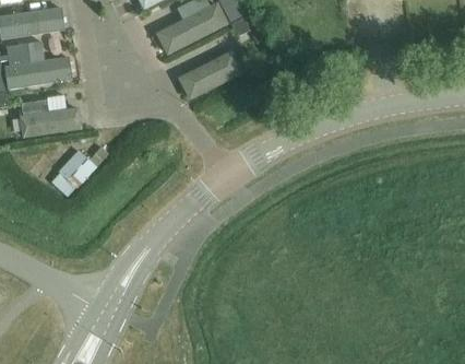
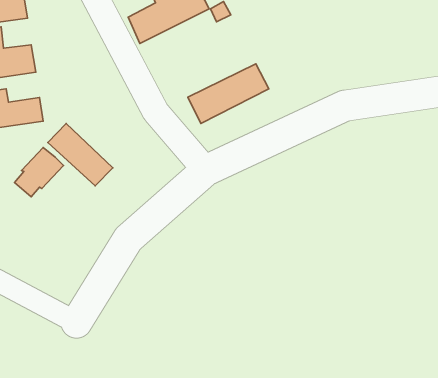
building: [178,45,252,99] -> [188,64,269,124]
building: none -> [48,124,113,186]

